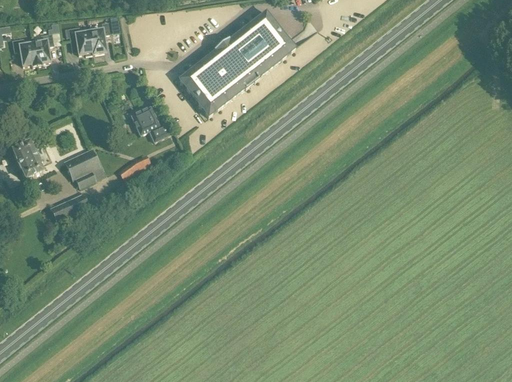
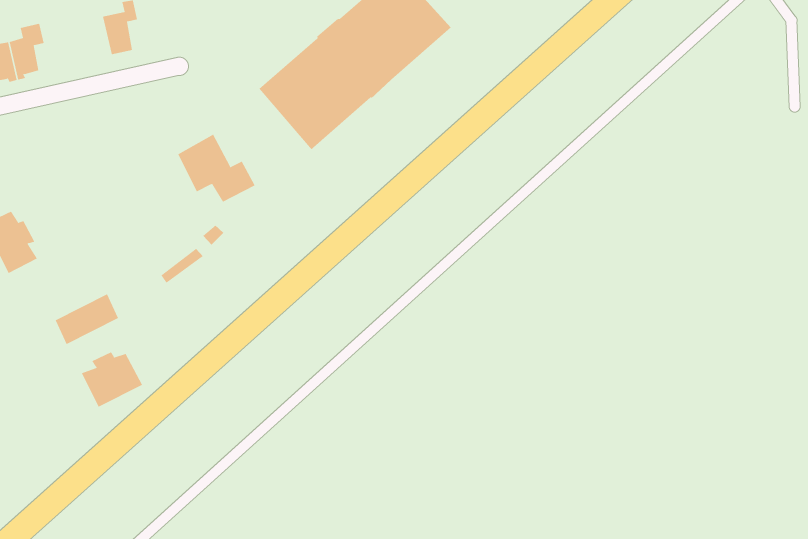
building: [68,25,93,54] -> none
building: [64,148,100,186] -> none
building: none -> [81,352,143,408]

